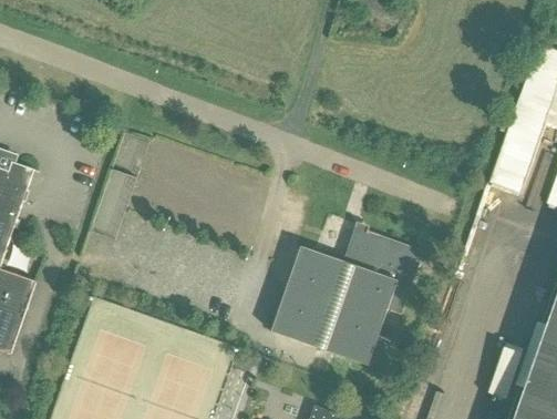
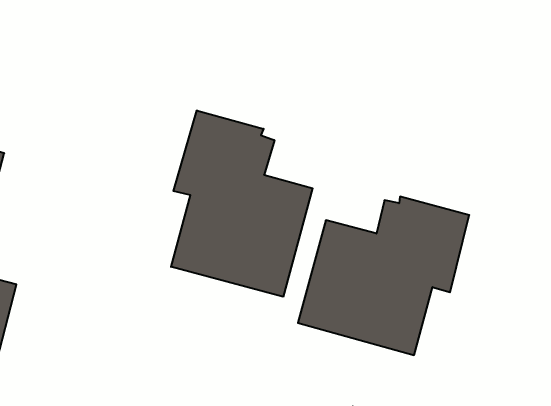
building: none -> [171,110,313,297]

